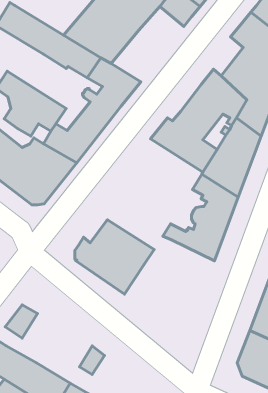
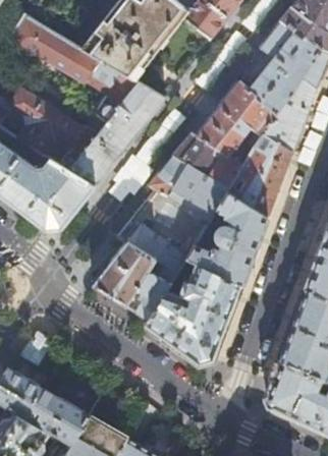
building: none -> [118,158,229,276]
building: none -> [145,266,241,367]

